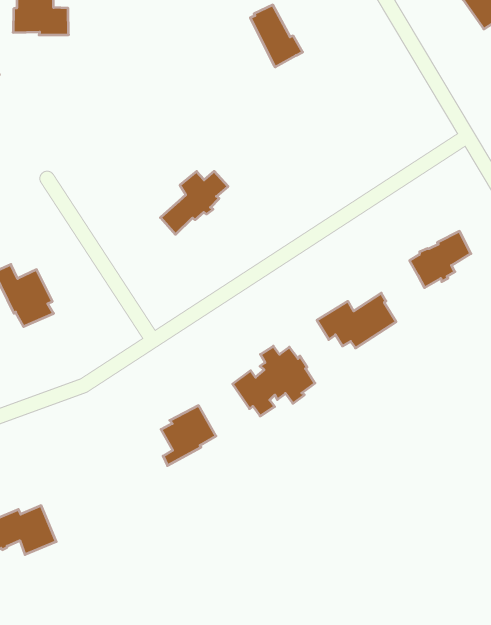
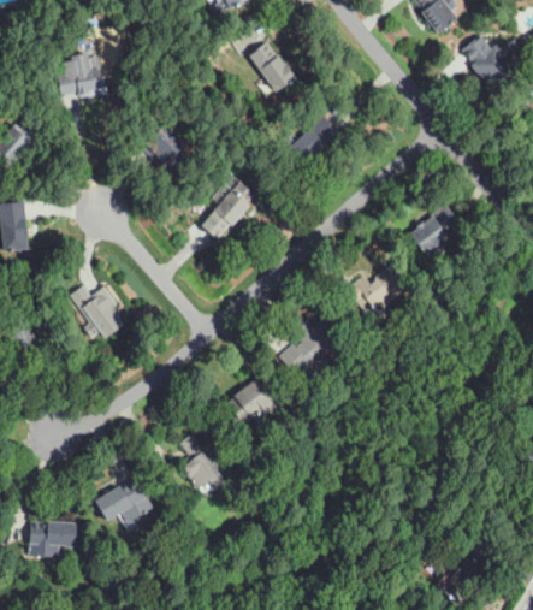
building: none -> [146,129,185,166]
building: none -> [286,112,339,164]
building: none -> [179,433,221,488]

